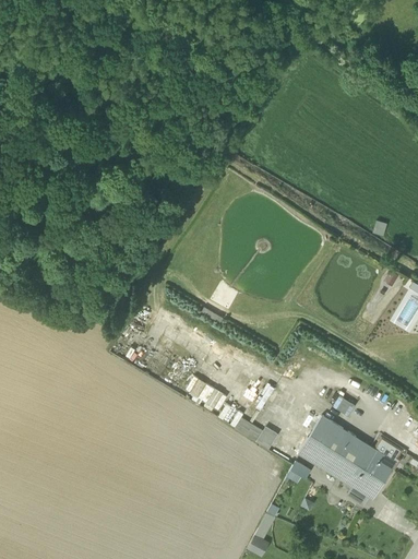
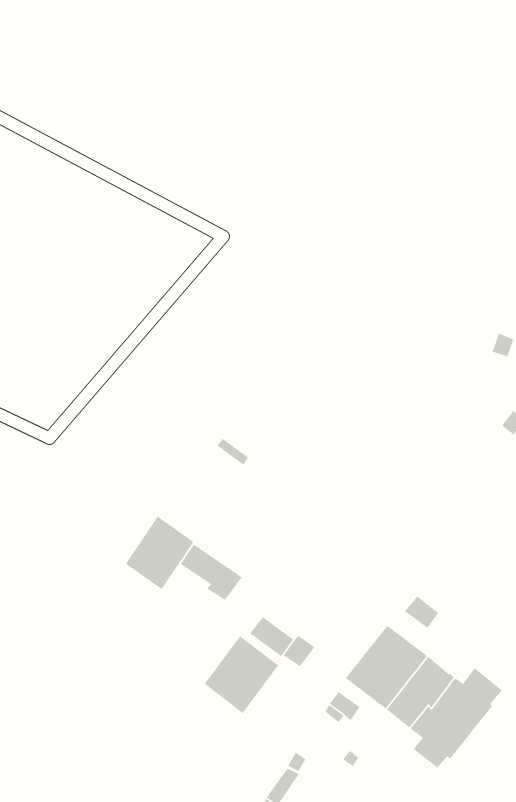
building: none -> [125,516,195,590]
building: none -> [204,635,279,714]

